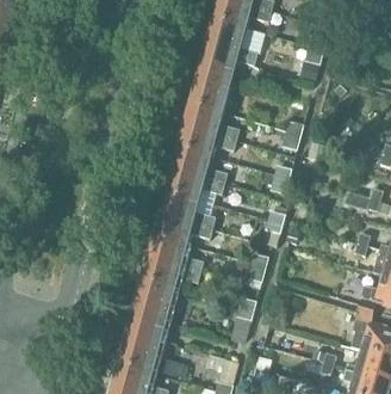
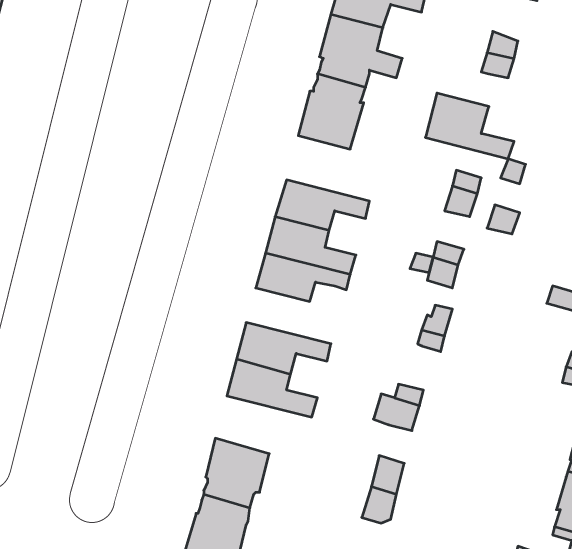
building: [185,100,240,141] -> [425,93,514,159]
building: [160,195,216,229] -> none
building: [141,261,200,297] -> none

